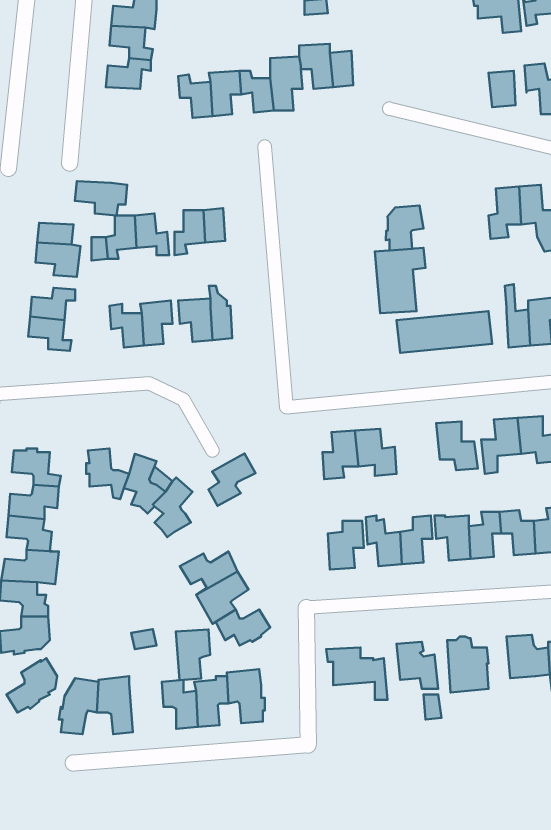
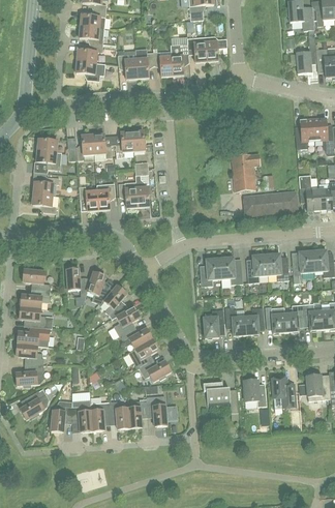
building: [75,181,127,215] -> [75,61,105,81]
building: [386,206,424,250] -> none
building: none -> [247,253,268,282]
building: [208,453,255,506] -> [114,305,141,335]
building: [176,630,210,680] -> [90,401,110,430]

